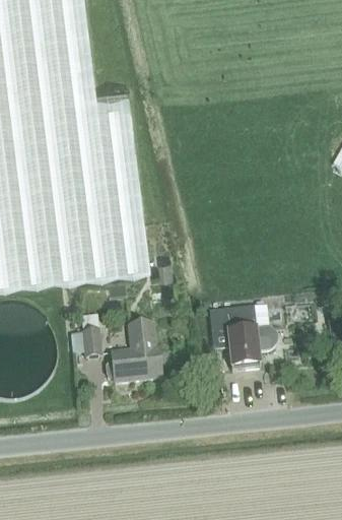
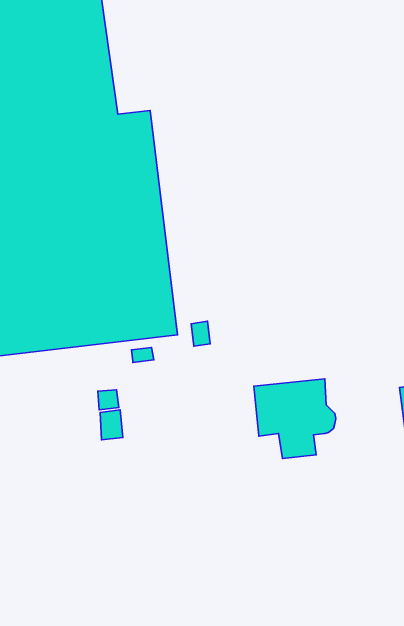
building: [107,331,161,389] -> none

